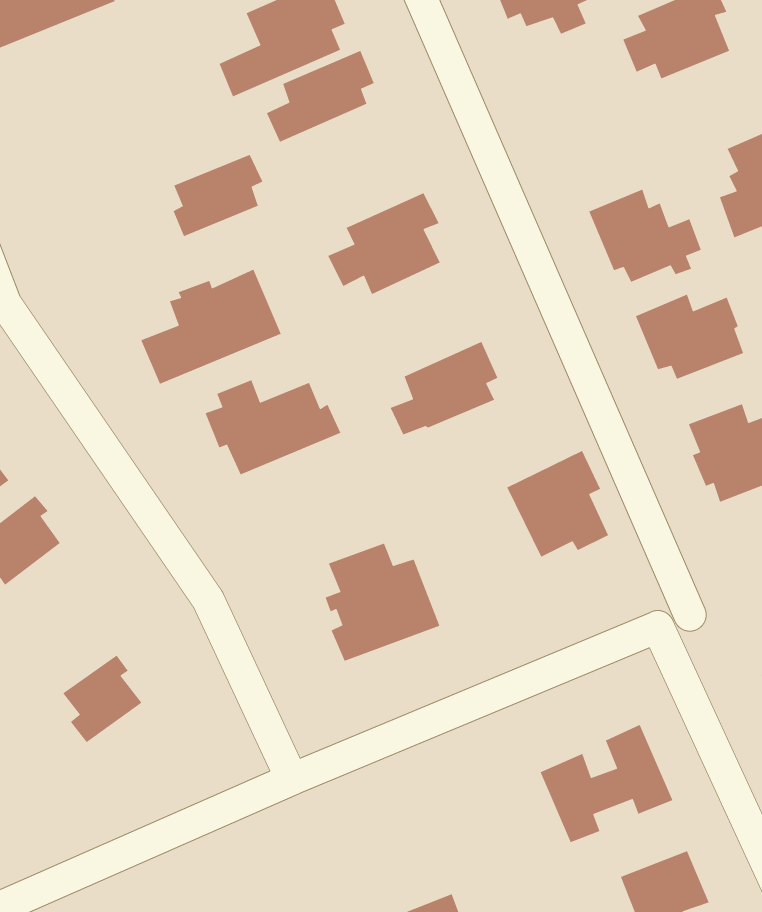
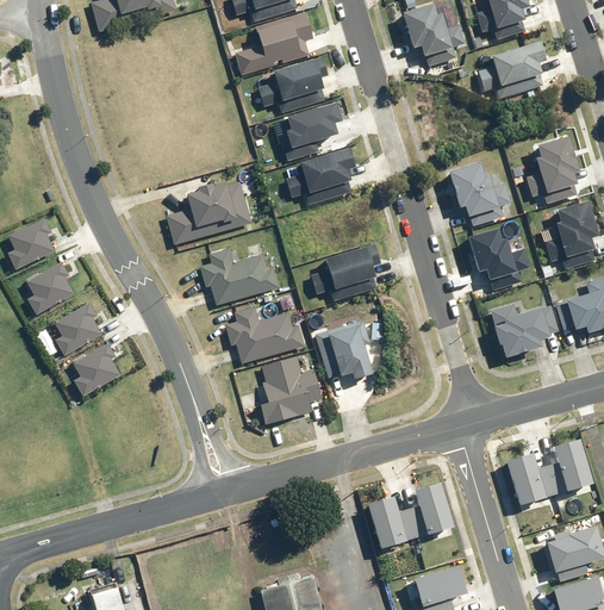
building: [172,154,264,237] -> [284,104,341,149]
building: [506,450,609,558] -> [313,319,372,381]
building: none -> [225,306,306,362]
building: [62,655,143,743] -> [75,341,123,392]

